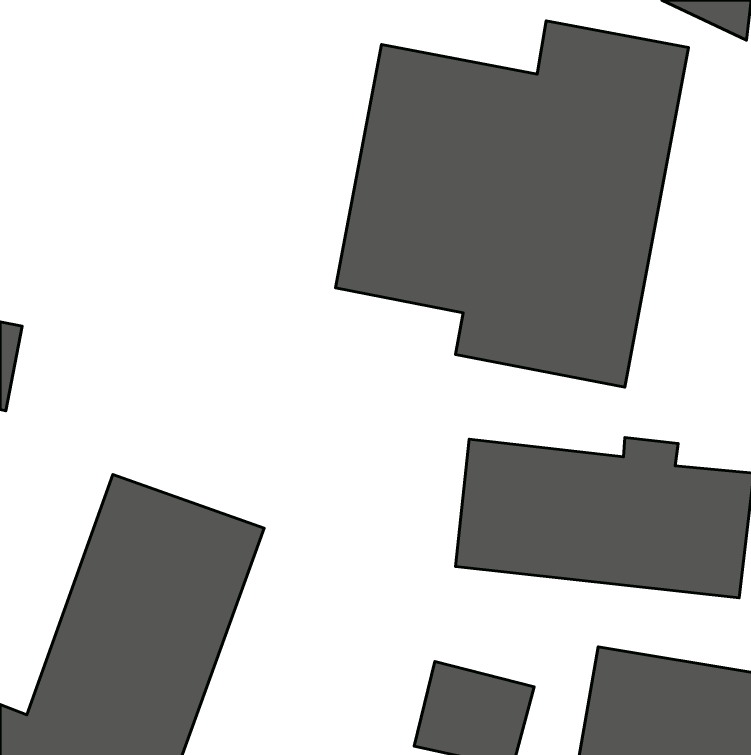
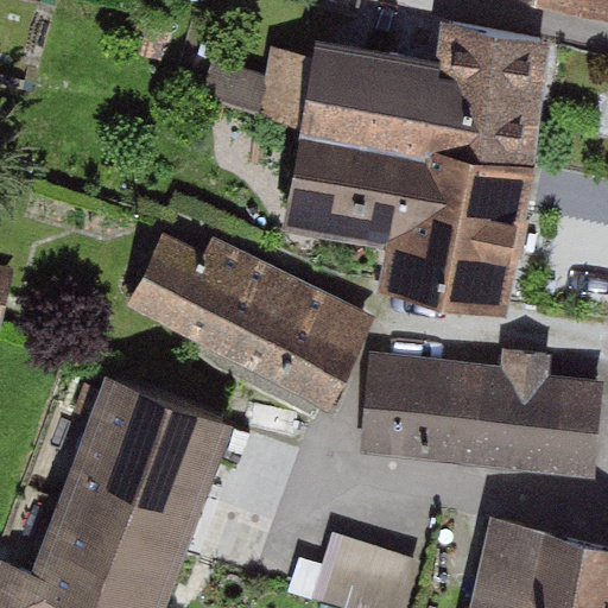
building: none -> [128,230,381,418]

